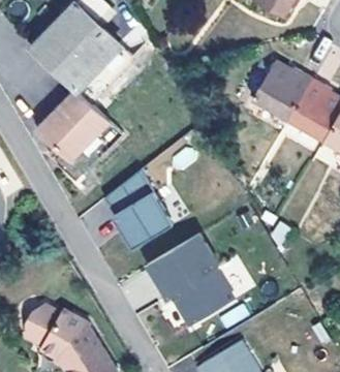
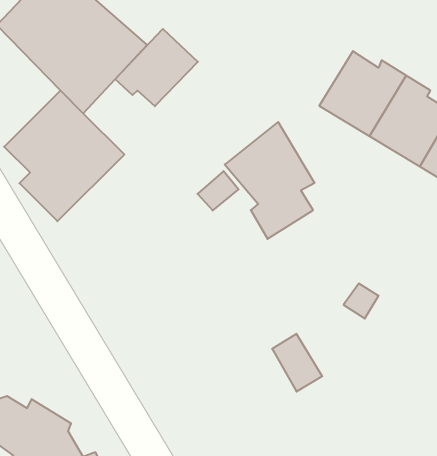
building: none -> [115,29,198,106]
building: [105,169,166,249] -> [225,122,315,239]
building: [143,237,229,329] -> none

